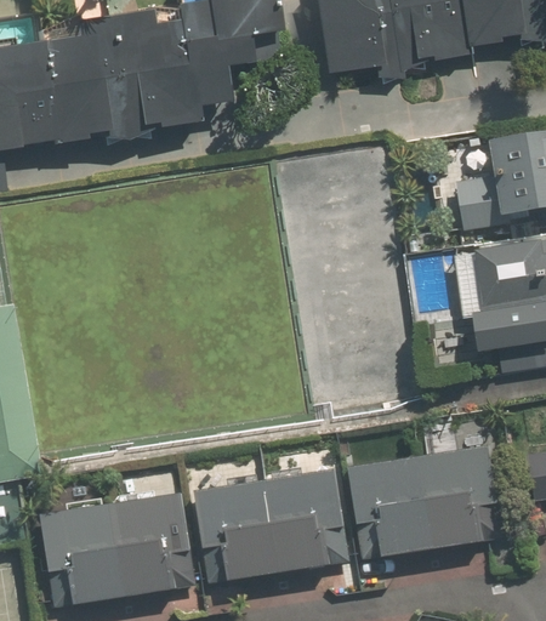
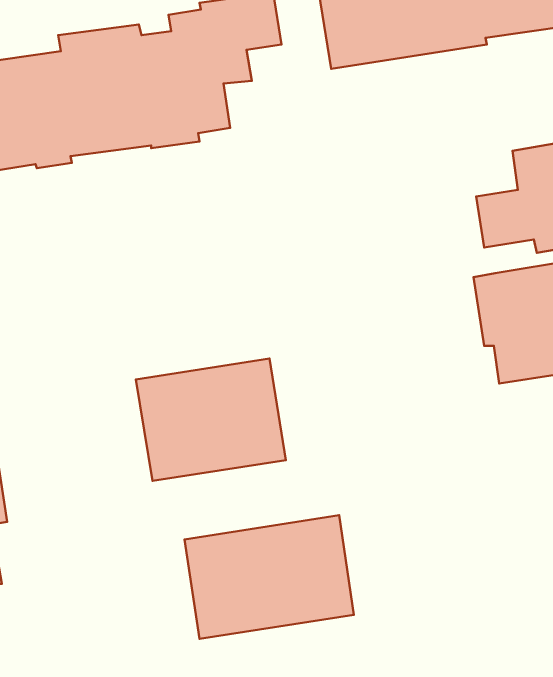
building: none -> [136,359,286,481]
building: [347,445,501,557] -> none
building: [41,492,194,604] -> none

